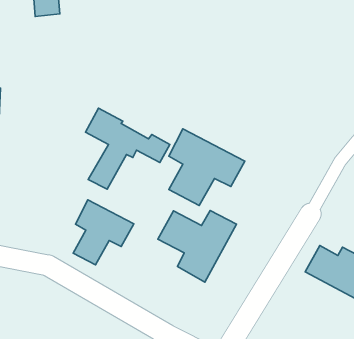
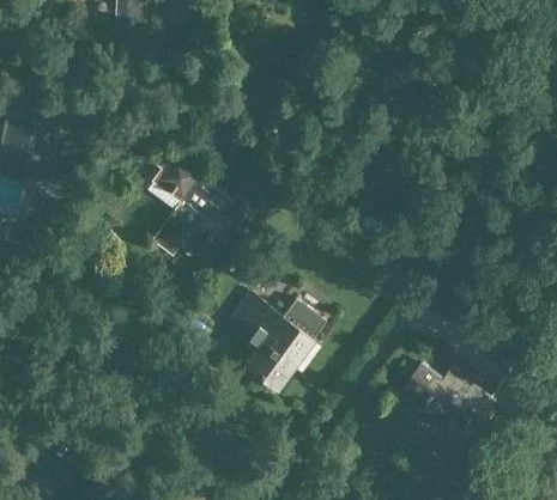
building: [169,129,245,206] -> none
building: [73,200,134,265] -> none

